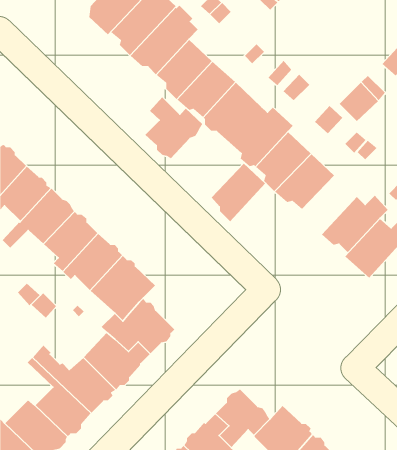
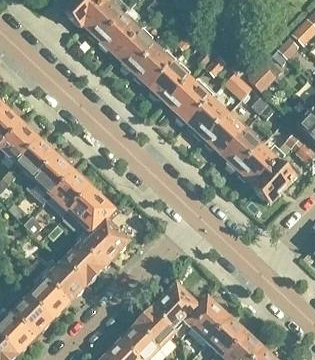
building: [145,97,203,159] -> none
building: [211,163,266,222] -> [221,129,261,172]

